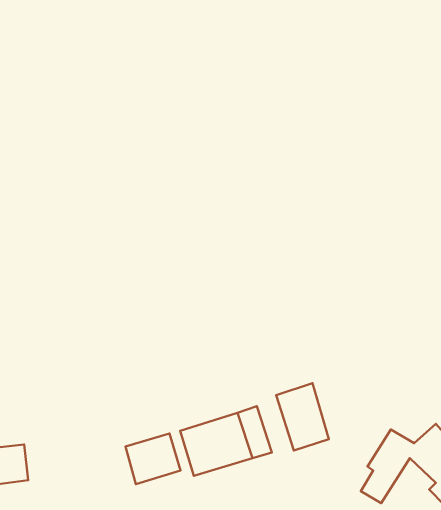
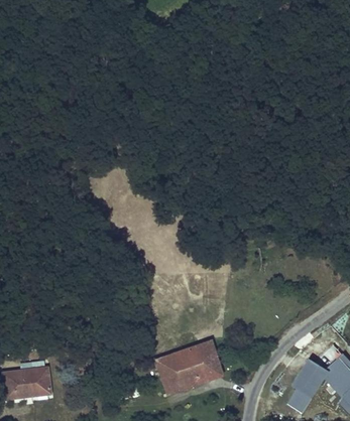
building: [276,383,329,450] -> none
building: [126,434,181,484] -> none

